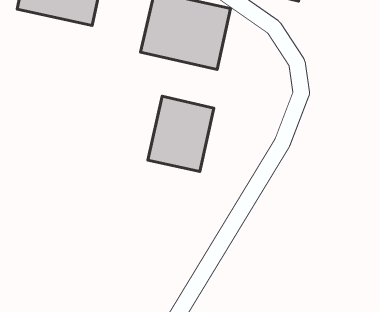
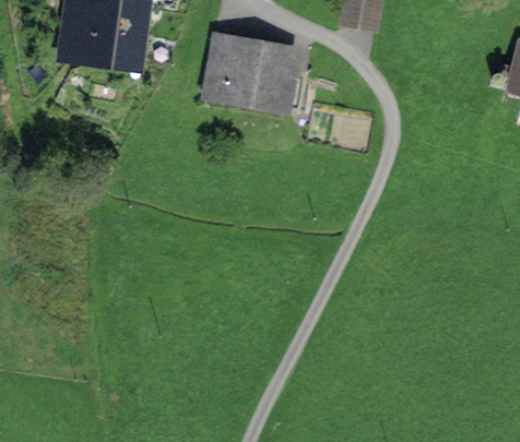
building: [148,96,214,171] -> none

